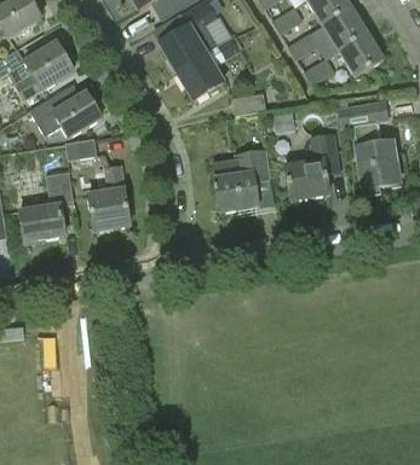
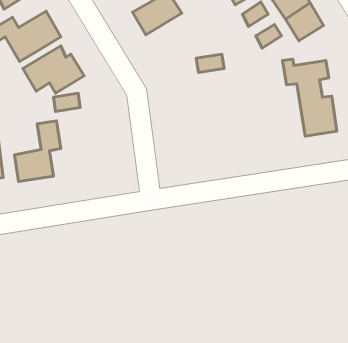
building: [174,36,240,100] -> none
building: [286,133,341,200] -> none
building: [212,149,271,213] -> none
building: [88,167,131,232] -> none

